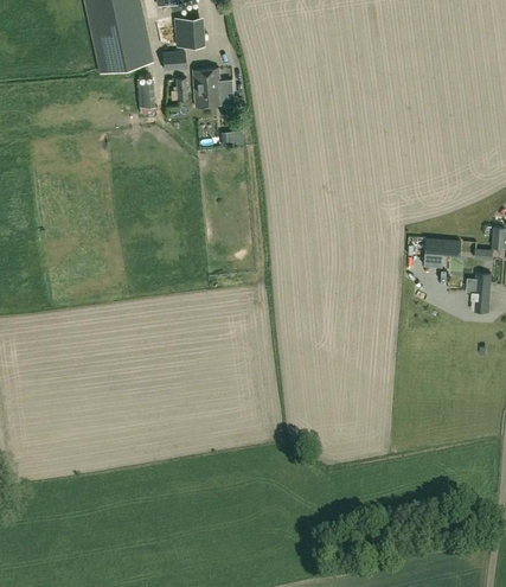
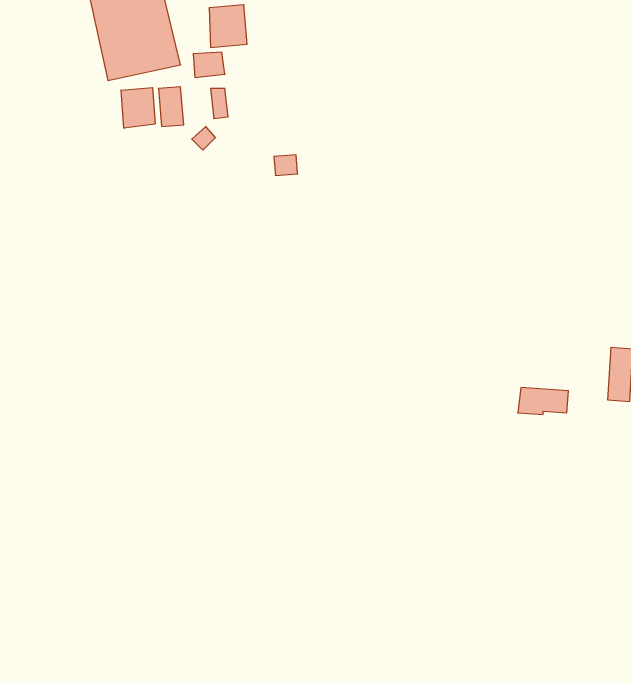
building: [192,69,225,108] -> none
building: none -> [121,88,155,128]
building: [423,238,461,259] -> [518,388,568,414]

